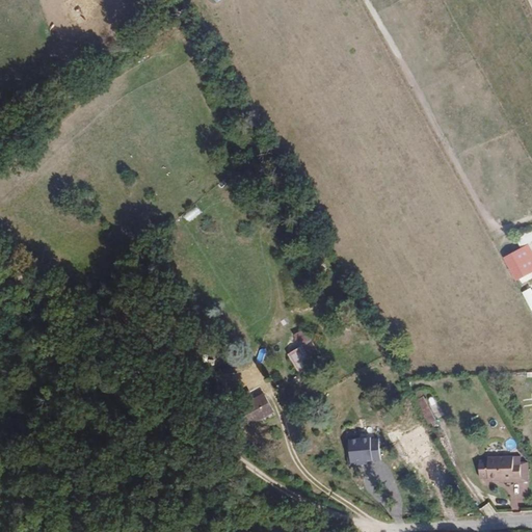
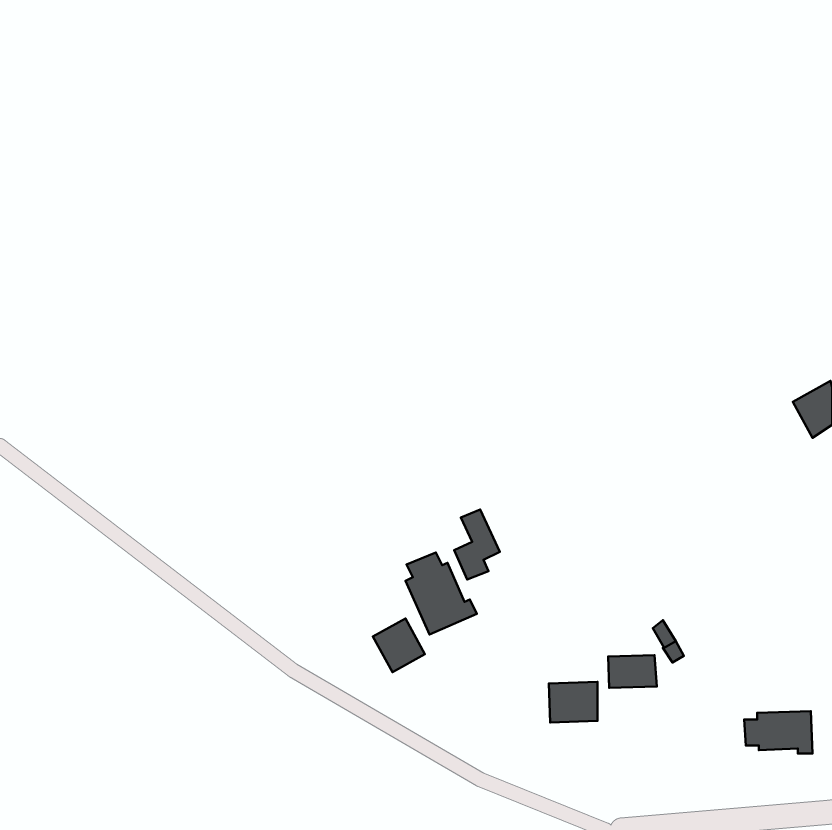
building: none -> [406,552,477,634]
building: none -> [608,655,657,688]

